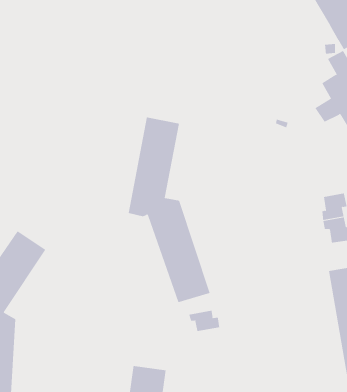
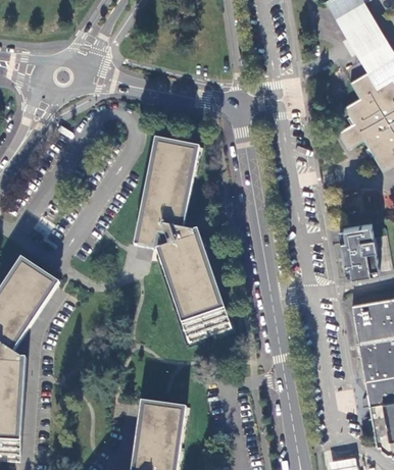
building: [189,310,220,332] -> none

